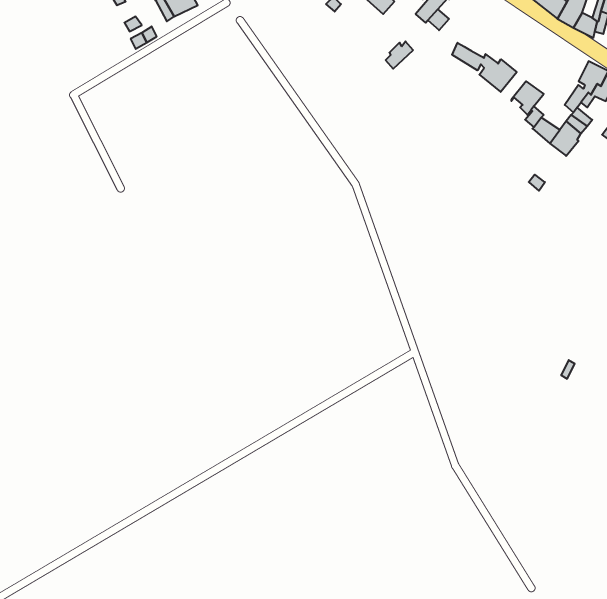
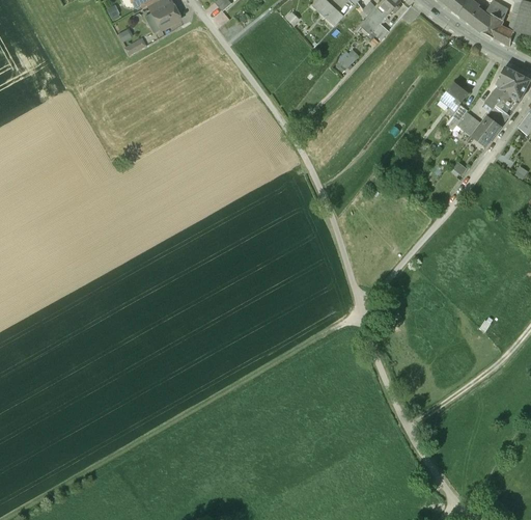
building: [452,43,517,92] -> none

